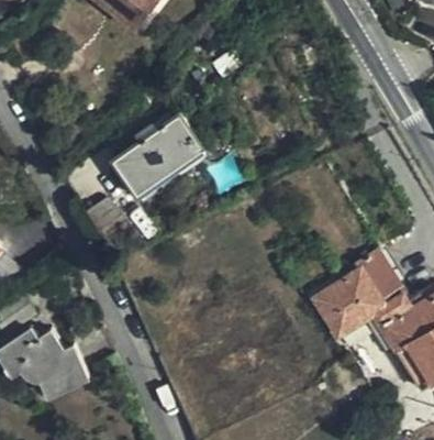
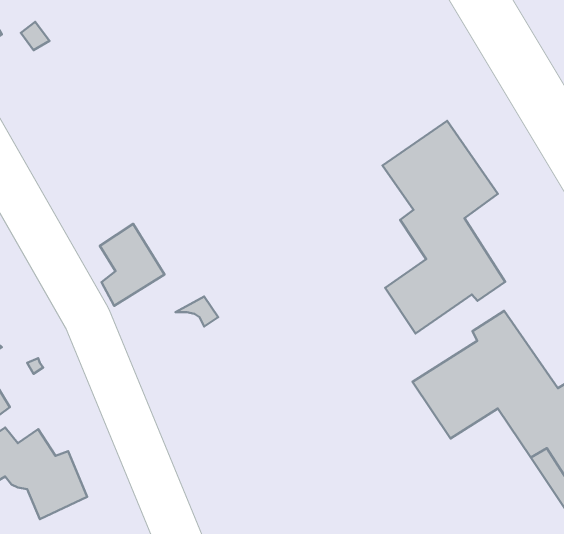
building: [112,114,203,197] -> none
building: none -> [383,121,505,334]

